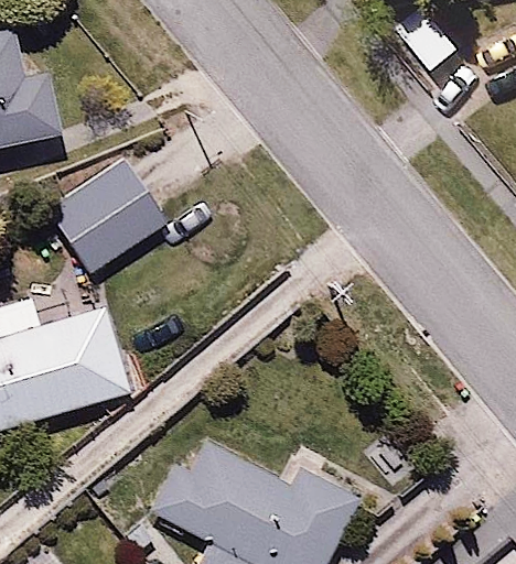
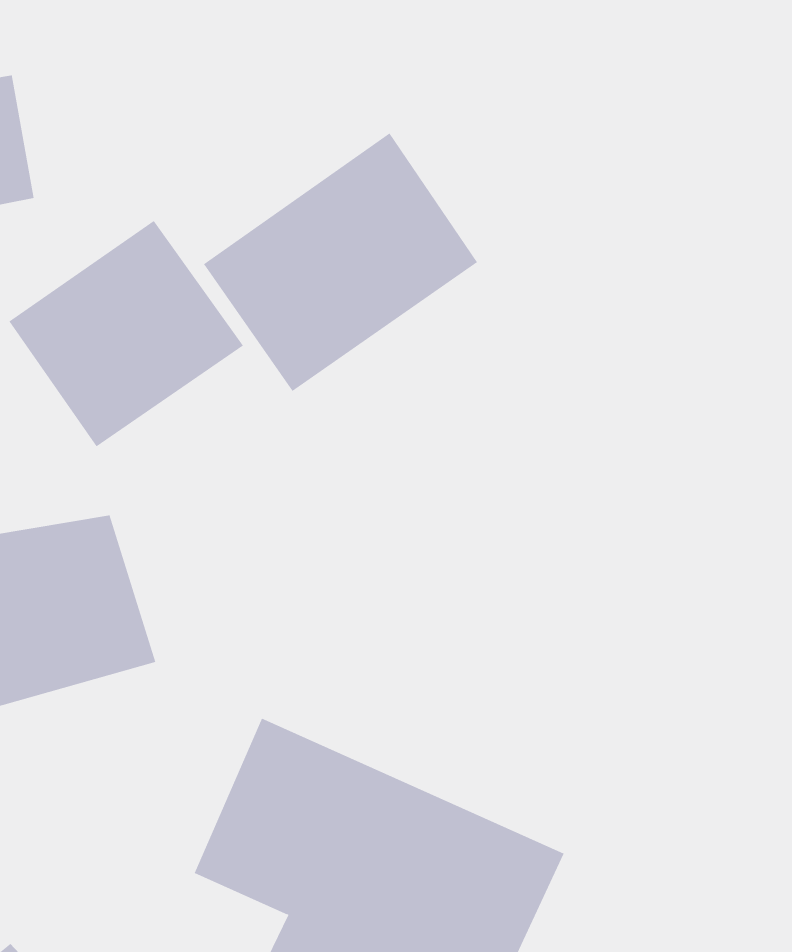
building: none -> [203,132,478,392]

